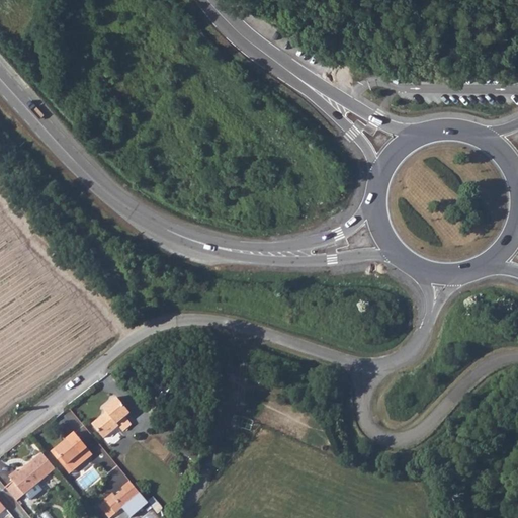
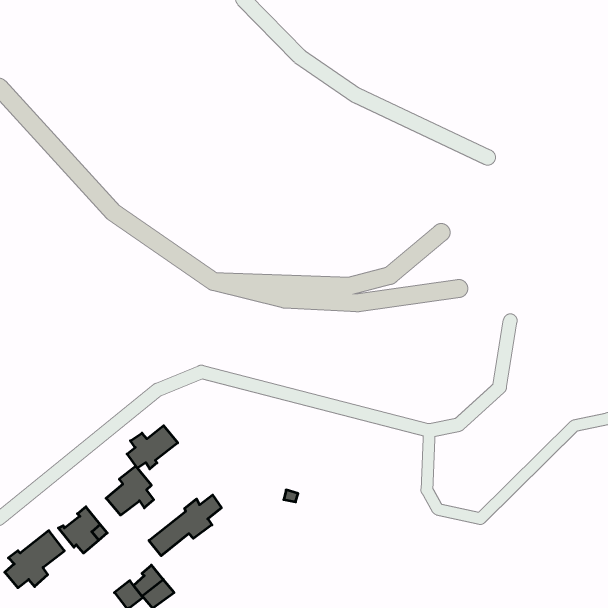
building: none -> [127,426,178,469]
building: none -> [149,495,221,556]

